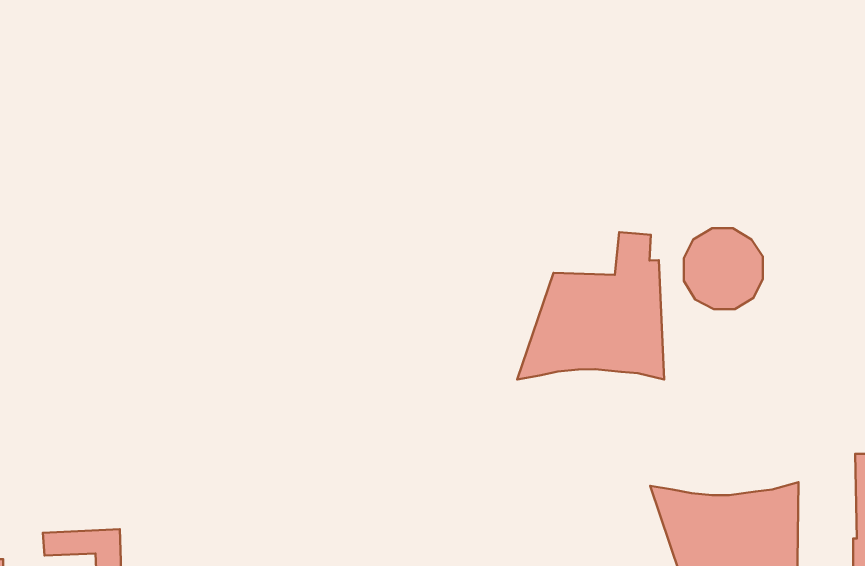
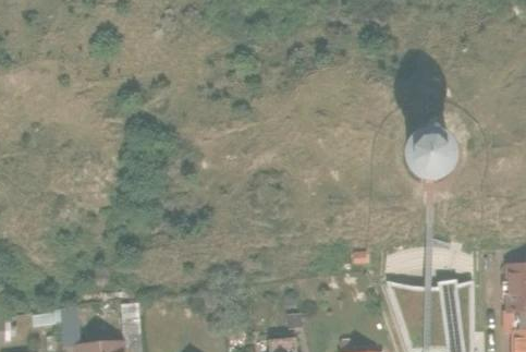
building: [517,232,664,379] -> none

